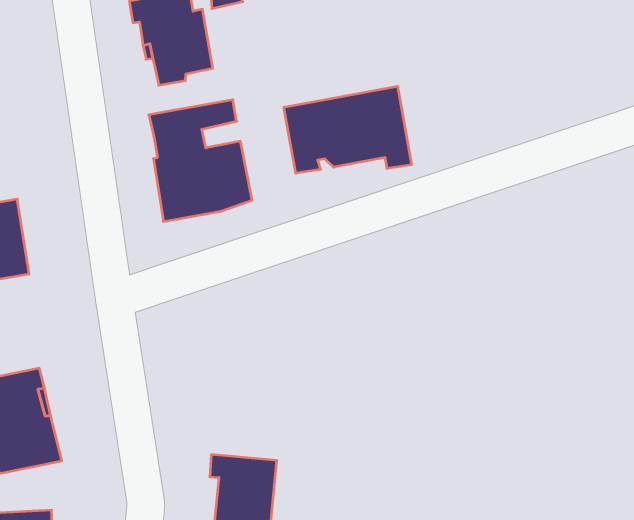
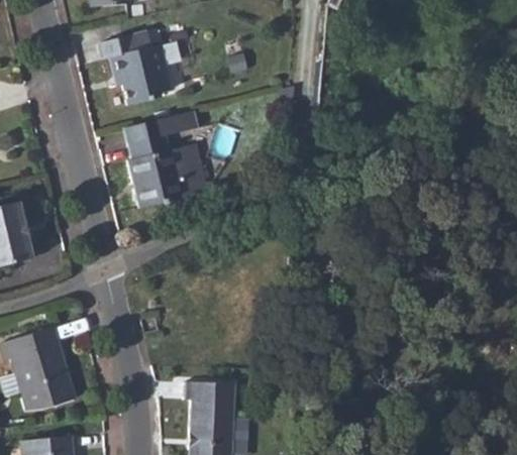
building: [284,86,412,173] -> none

